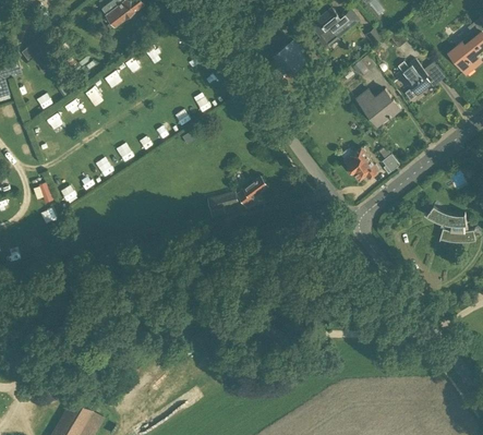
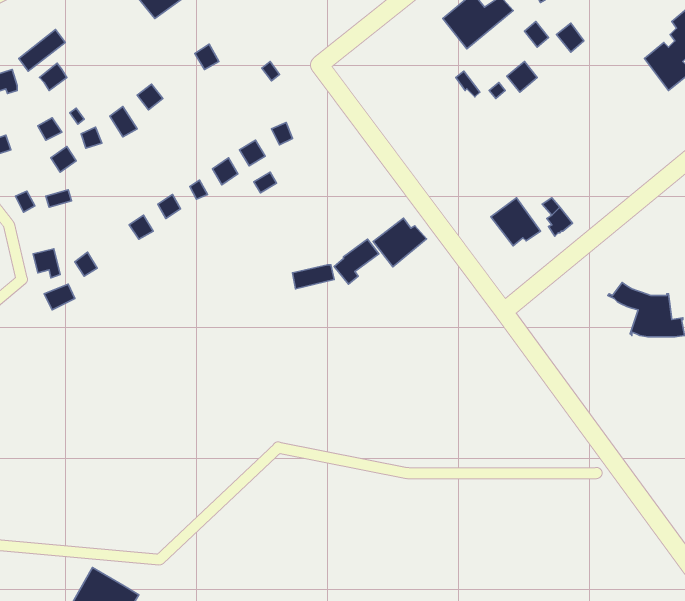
building: [269,44,309,76] -> none
building: [397,59,432,100] -> none
building: [358,88,401,122] -> none
building: none -> [373,218,427,267]

